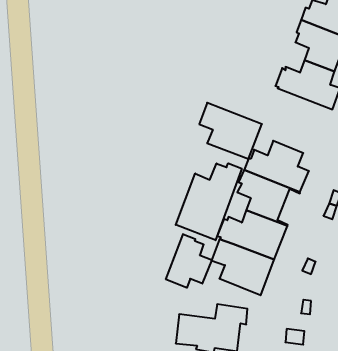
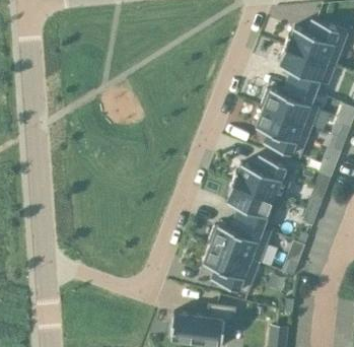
building: [199,103,262,159] -> [256,107,312,157]
building: [176,163,242,240] -> none
building: [166,234,212,288] -> none

